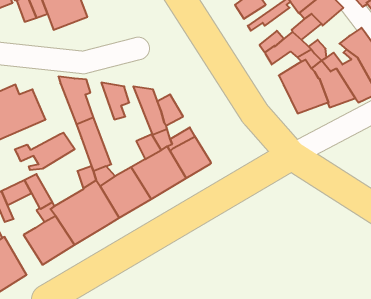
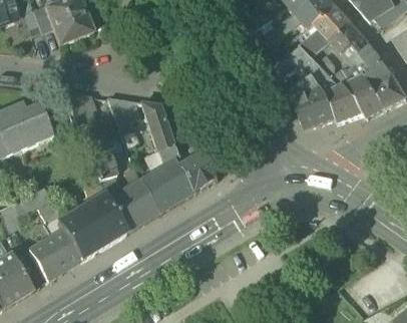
building: none -> [330,22,369,58]
building: [15,133,75,170] -> none

